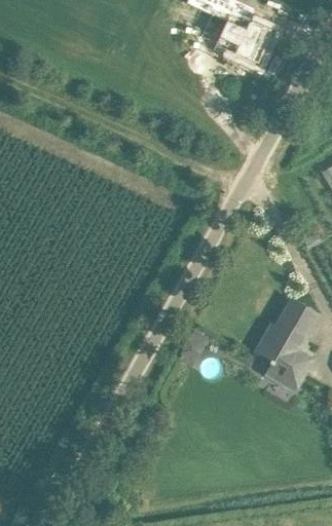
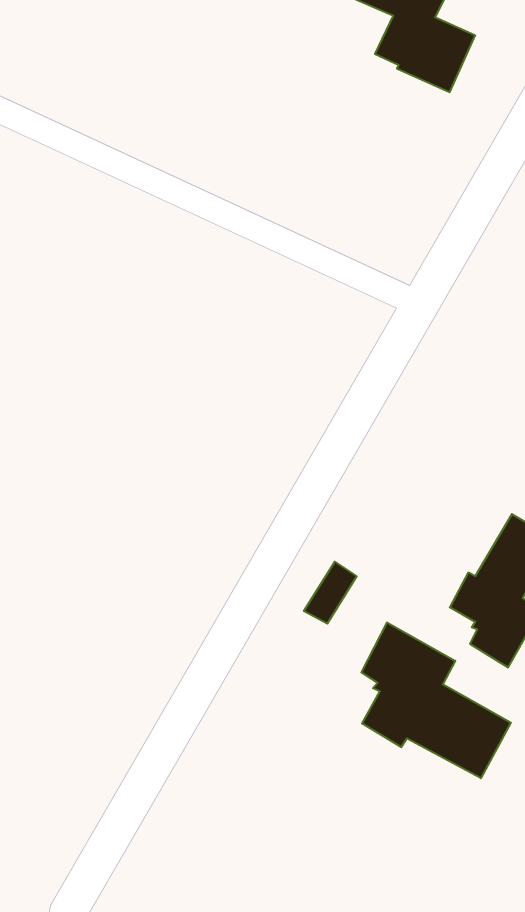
building: none -> [361,622,511,778]

